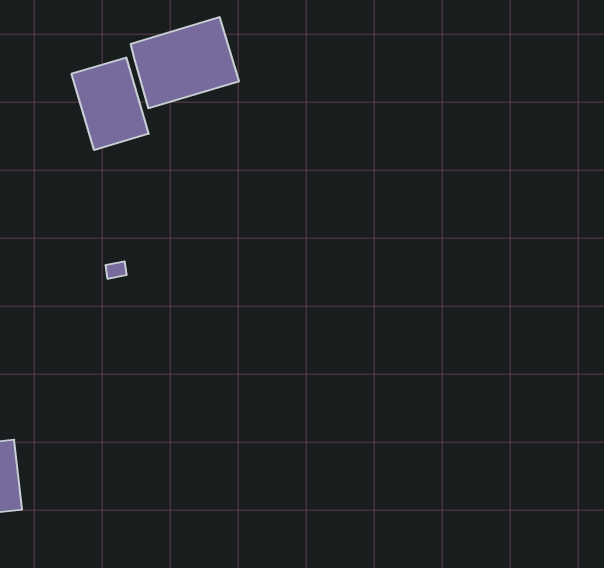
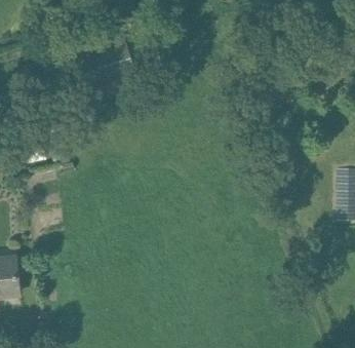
building: [72,57,149,150] -> none

